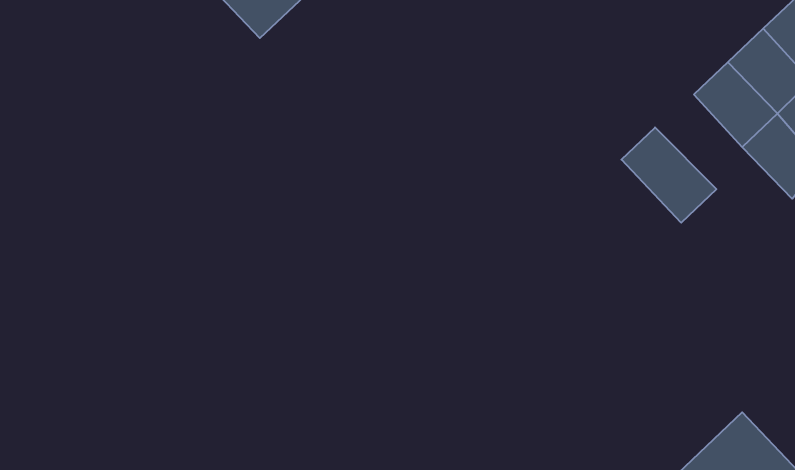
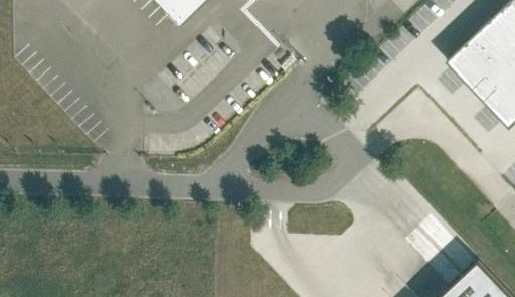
building: [621,127,716,223] -> none

